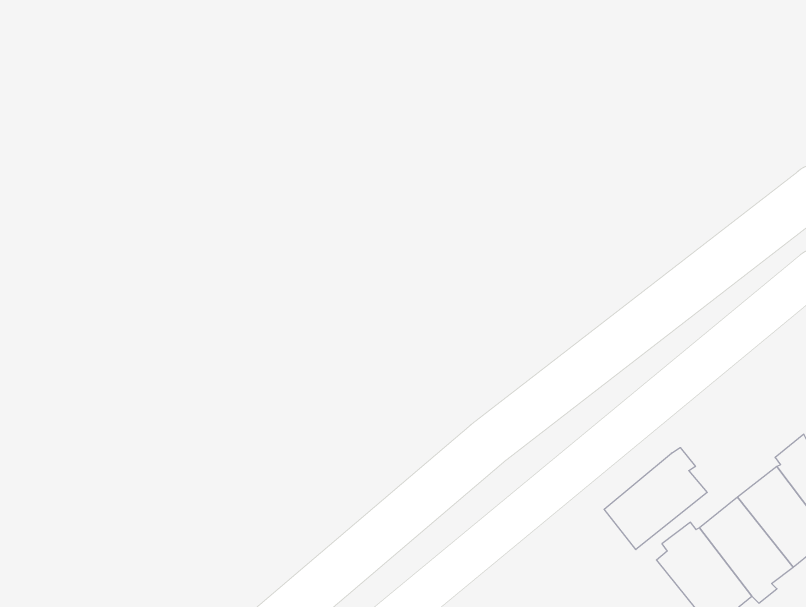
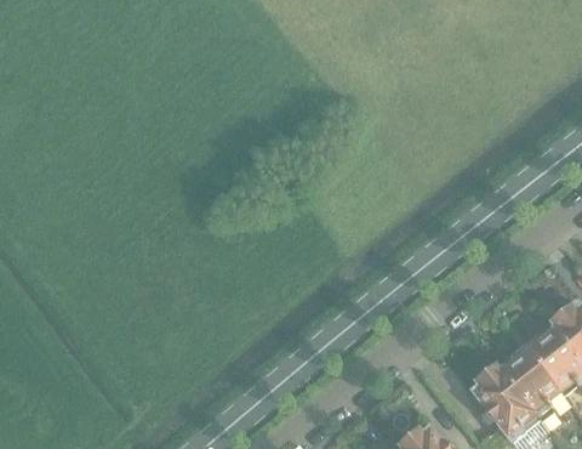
building: [604,448,707,550] -> none

